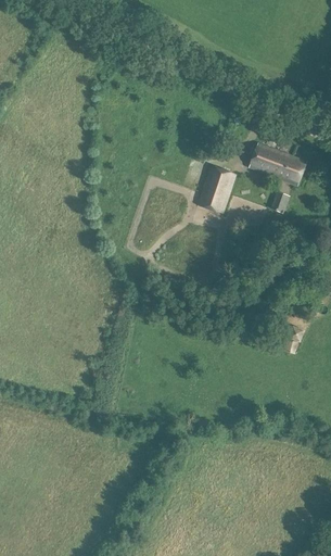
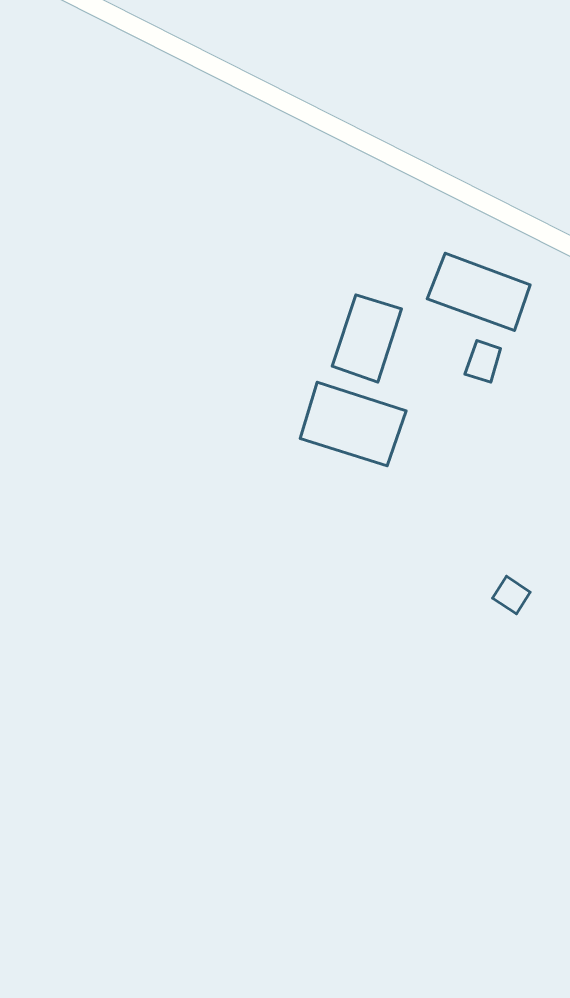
building: none -> [300,382,406,466]

